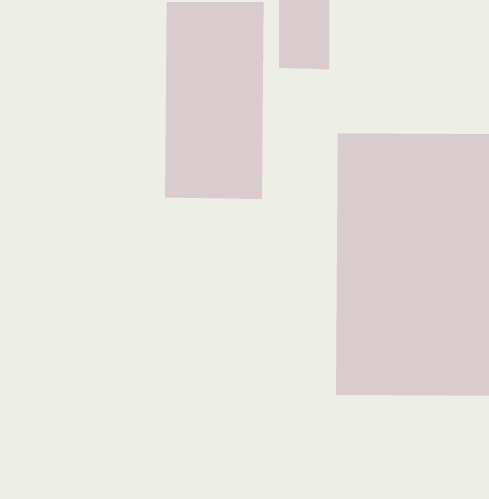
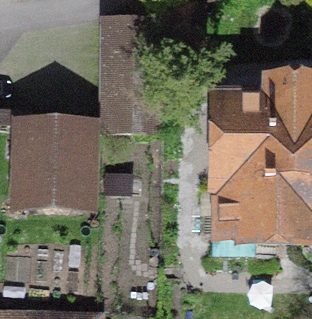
building: none -> [23,128,86,200]

